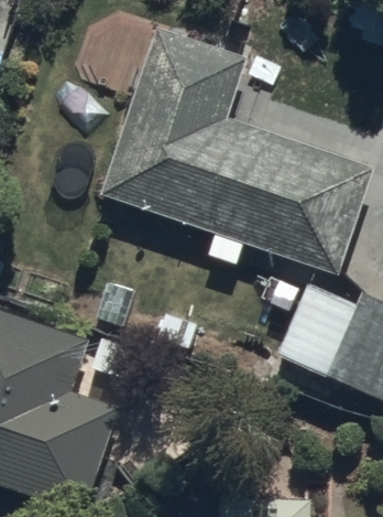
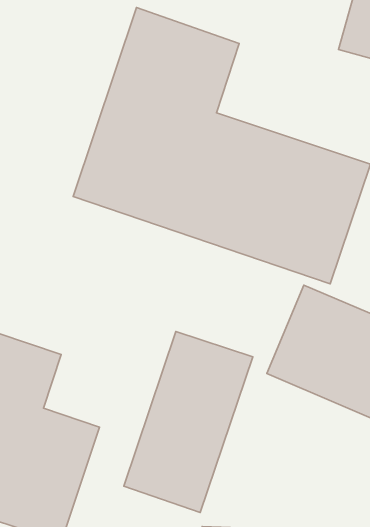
building: none -> [124,331,253,513]

